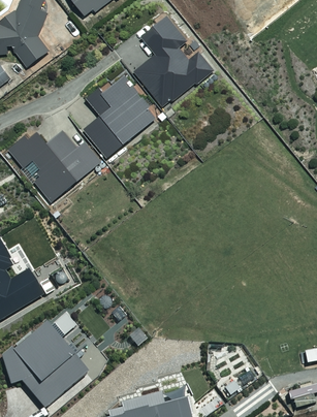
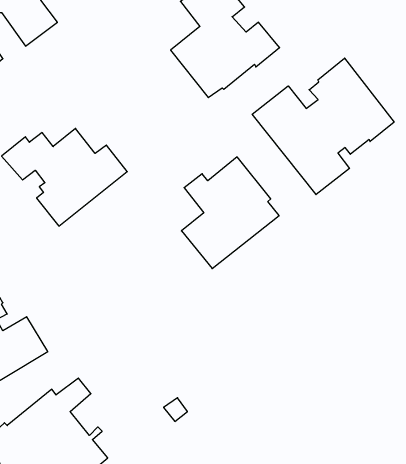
building: [84,74,156,157] -> [181,157,279,269]
building: none -> [252,58,394,195]

